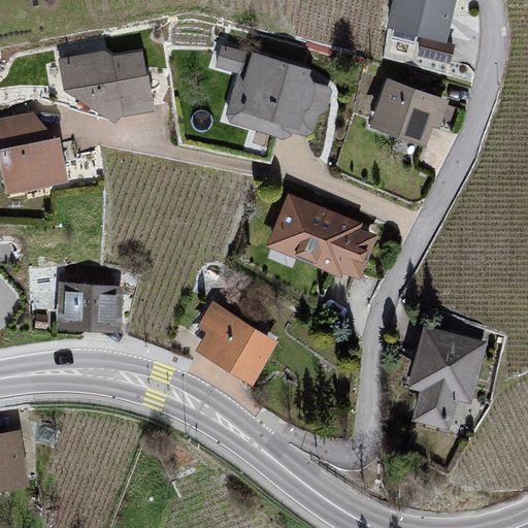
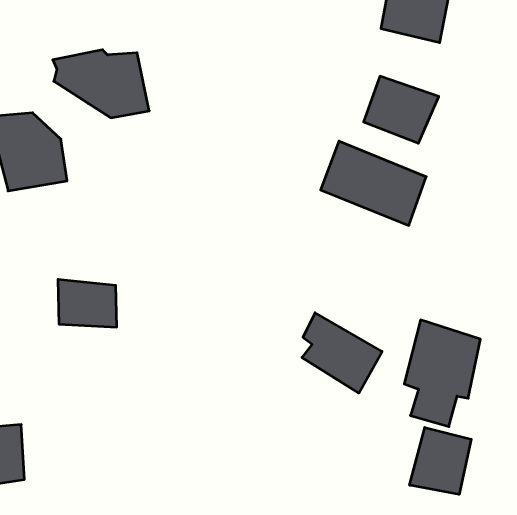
building: [241,53,324,133] -> none
building: [268,193,375,278] -> [321,141,426,225]
building: [193,301,274,383] -> [302,313,382,393]
building: none -> [410,427,471,494]

